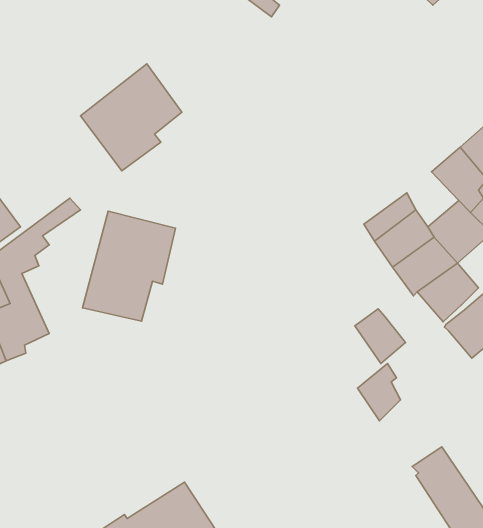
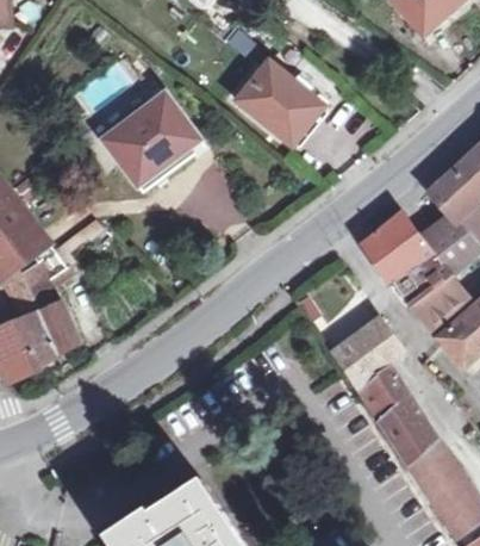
building: none -> [236,58,323,143]
building: [83,211,176,321] -> none
building: none -> [332,333,379,386]
building: none -> [378,380,435,461]

